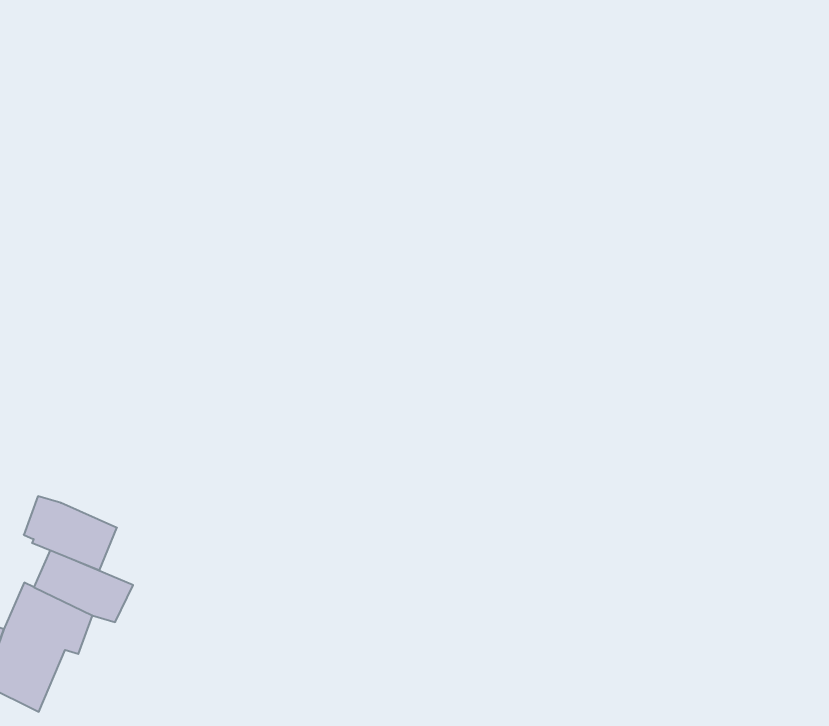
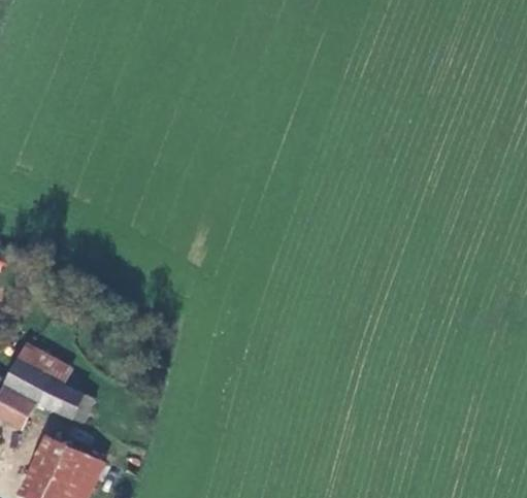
building: [24,496,117,570] -> [48,380,101,426]

